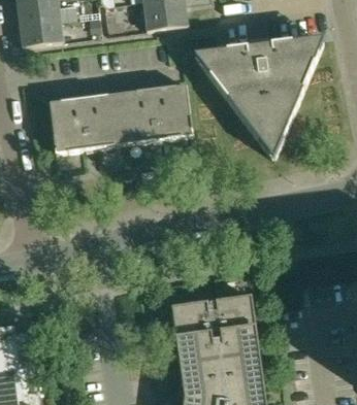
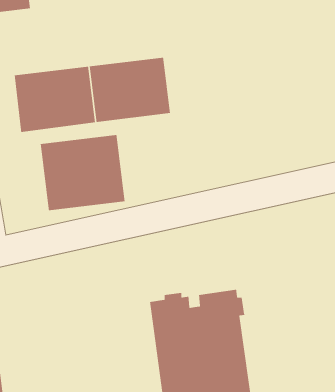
building: [195,38,322,157] -> none
building: none -> [40,134,125,211]

